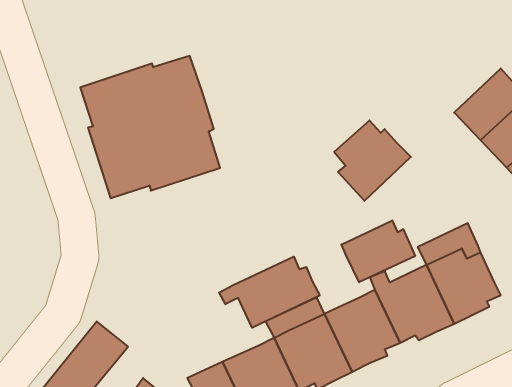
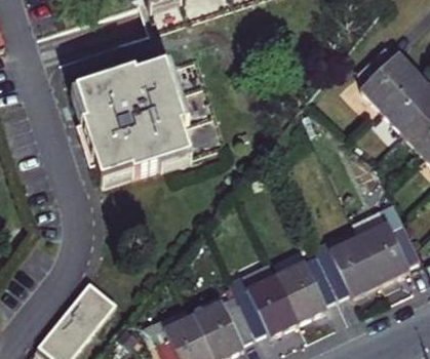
building: [334,120,411,201] -> [357,45,420,111]
building: [341,220,415,282] -> none
building: [219,257,320,328] -> none

